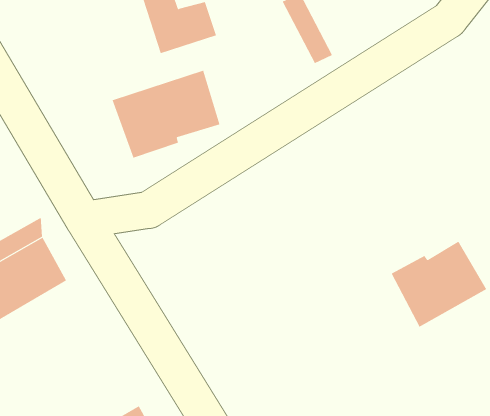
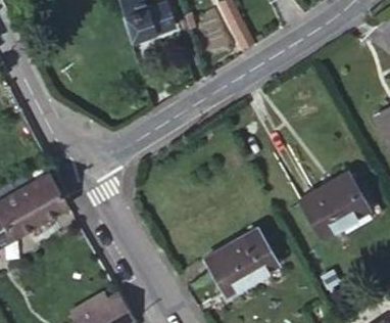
building: [112,70,220,158] -> none
building: none -> [205,229,277,293]

